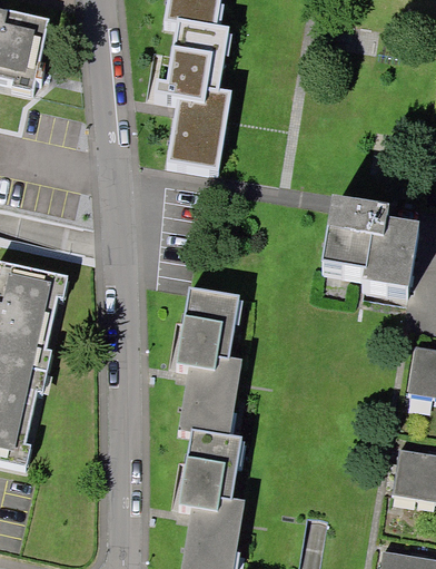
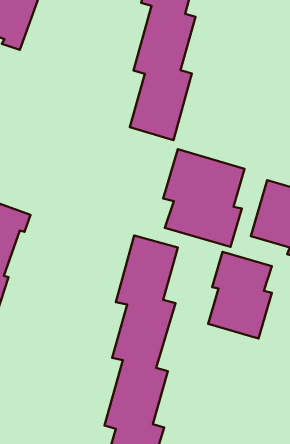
building: none -> [163,149,245,247]
building: none -> [208,252,272,338]

